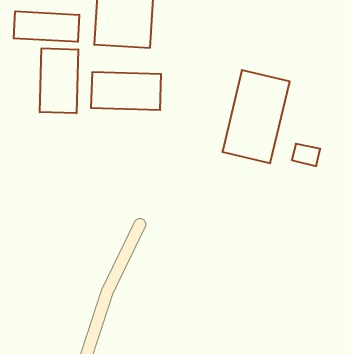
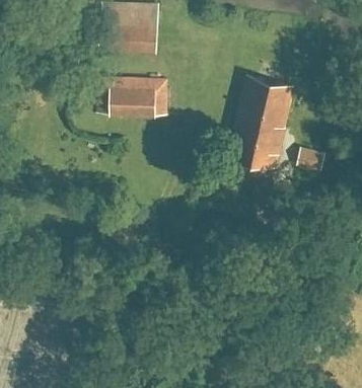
building: [14,11,79,42] -> none
building: [40,48,78,113] -> none

